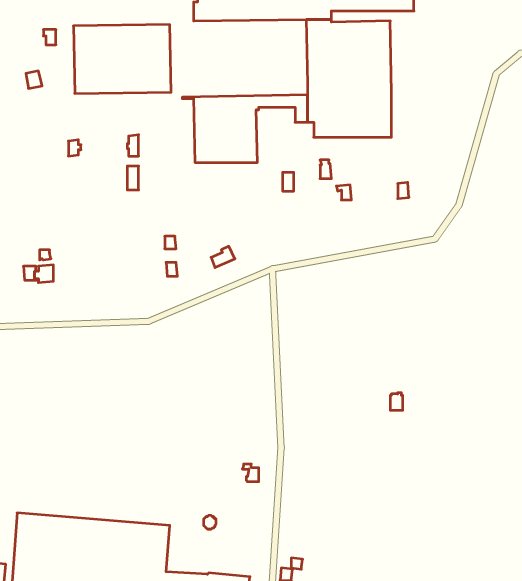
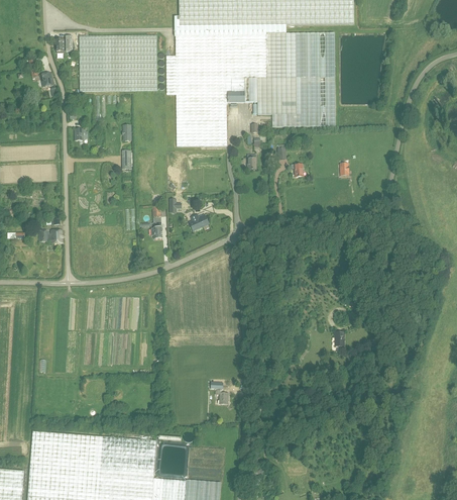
building: none -> [165,31,266,94]

